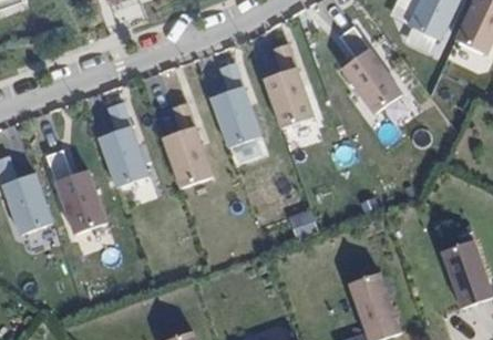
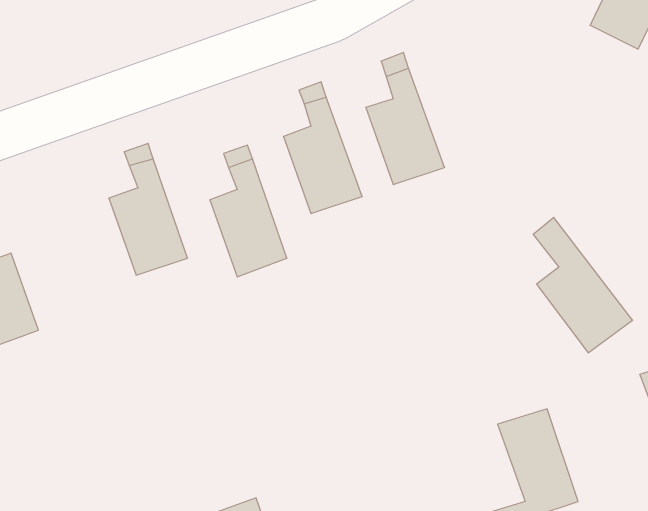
building: [338,25,402,113] -> [533,217,633,353]
building: [45,150,107,234] -> none

